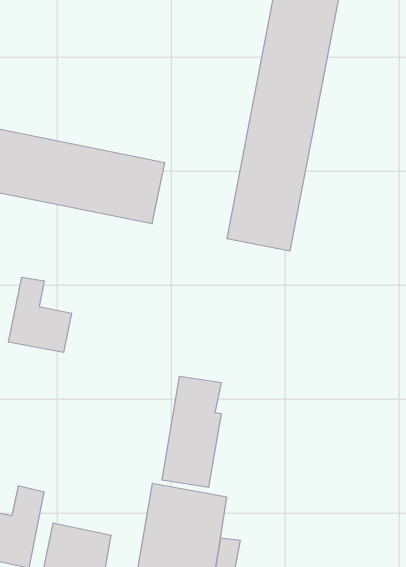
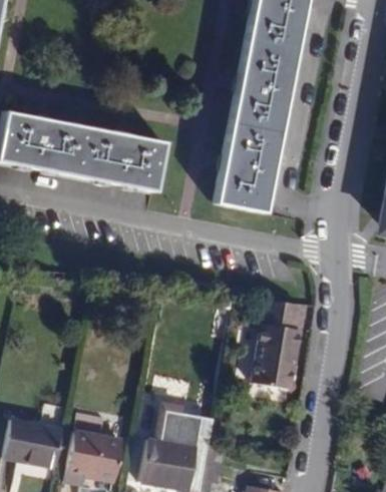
building: [9,277,72,352] -> none
building: [162,377,221,487] -> [251,300,299,389]

